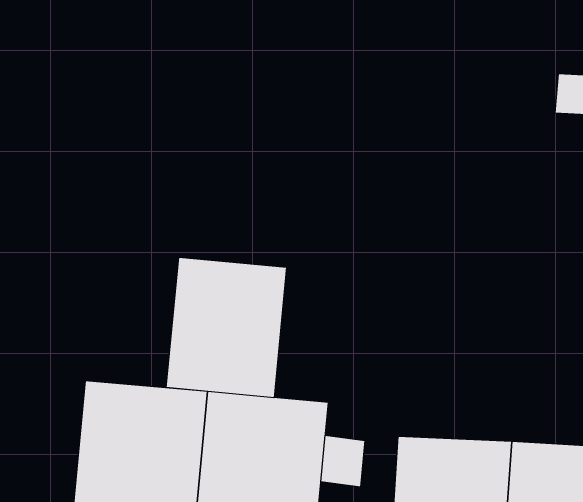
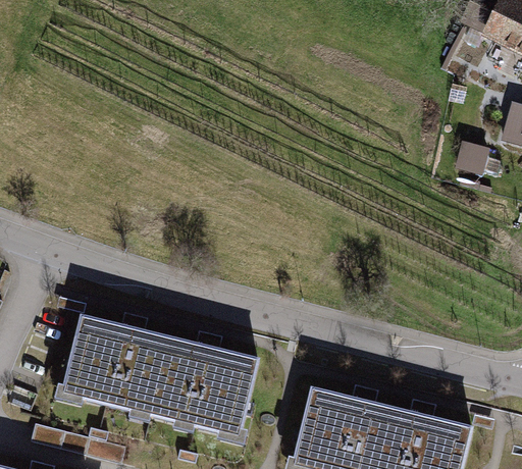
building: [166,257,286,398] -> none
building: [321,435,365,487] -> none

